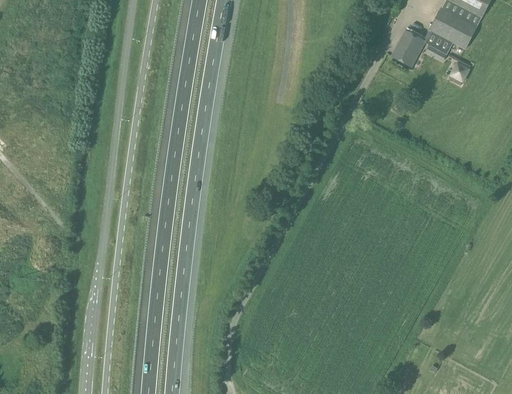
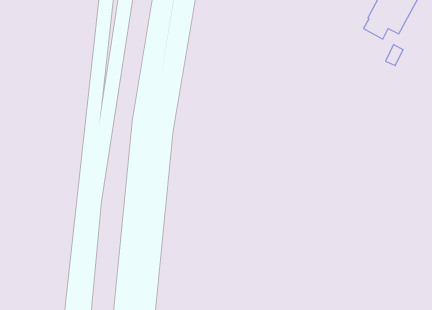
building: [391,30,424,66] -> none

